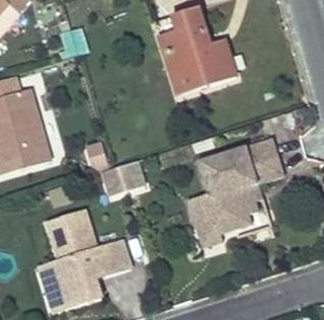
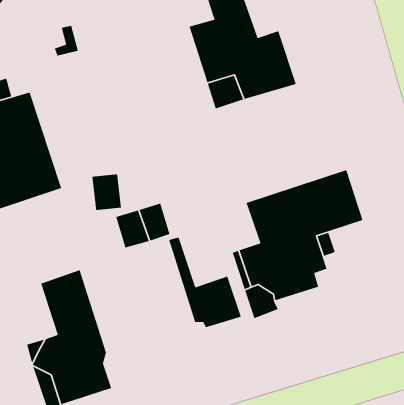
building: [77,210,131,276] -> [168,237,242,328]

